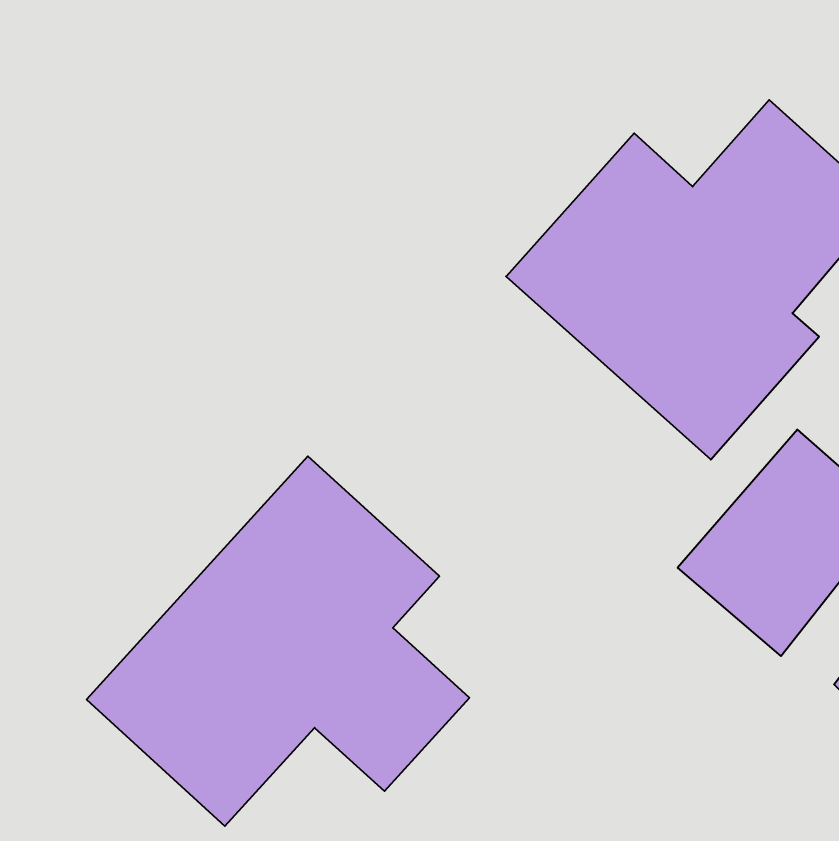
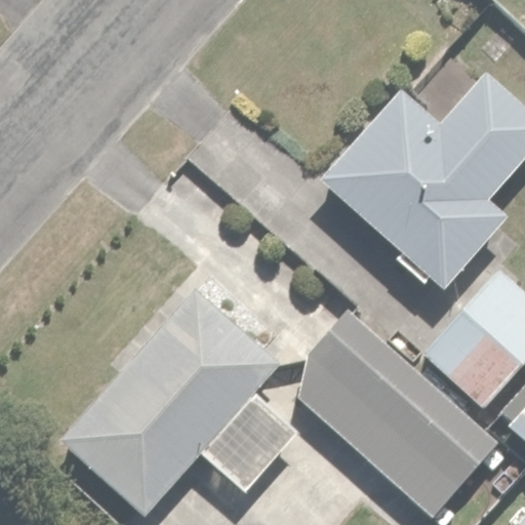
building: none -> [298,317,496,519]

